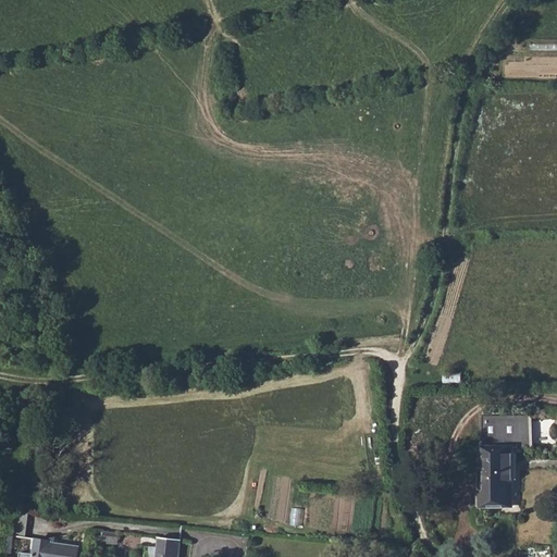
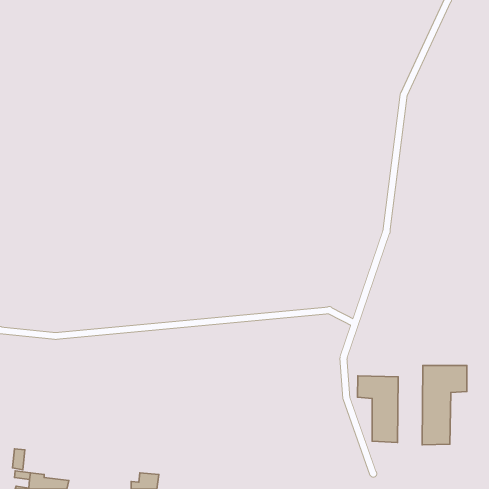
building: none -> [357,376,398,442]

